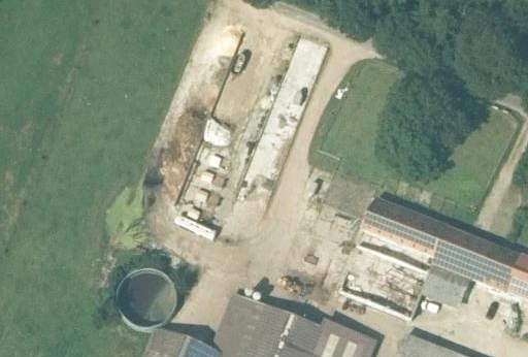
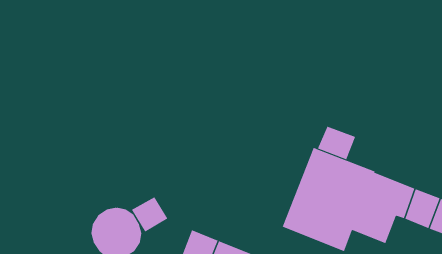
building: none -> [317,126,356,160]
building: none -> [131,196,168,233]

